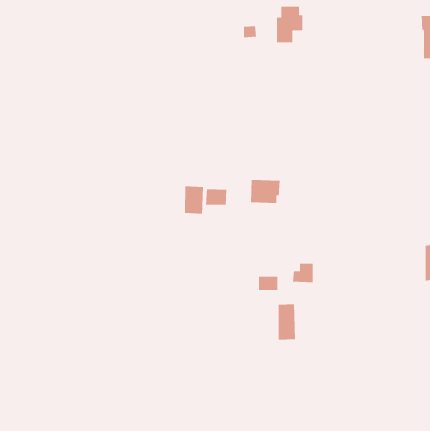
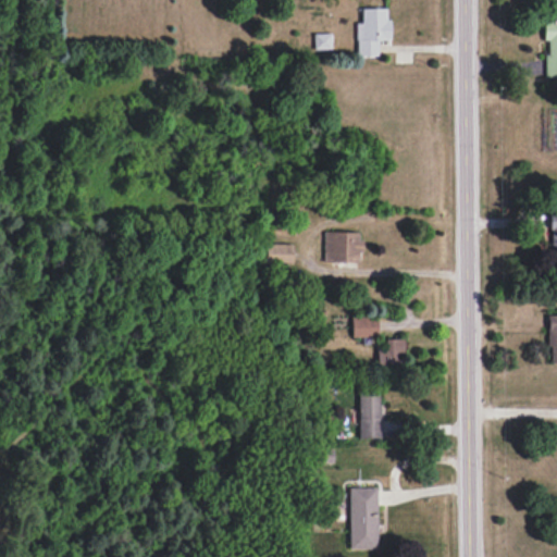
building: [184,185,204,215] -> none
building: [258,276,278,291] -> [354,318,380,337]
building: none -> [350,488,380,550]

